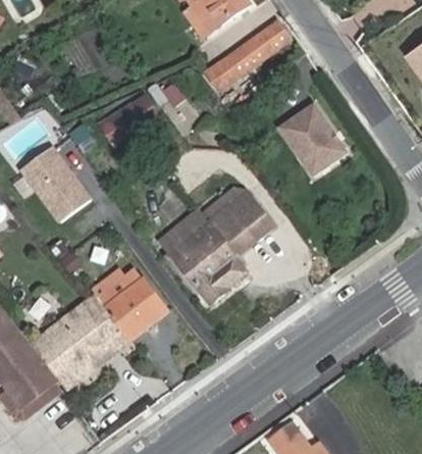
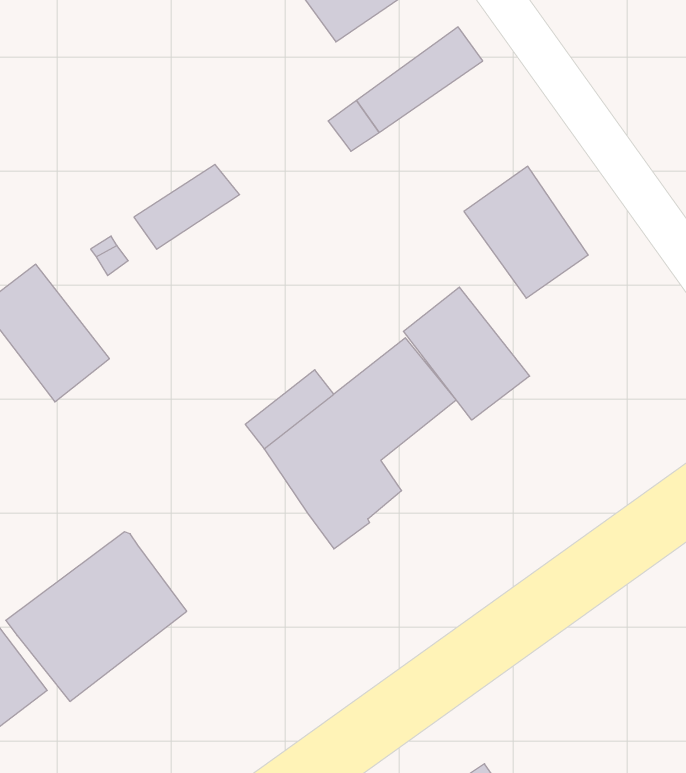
building: none -> [403,287,530,420]
building: [99,269,168,341] -> none

